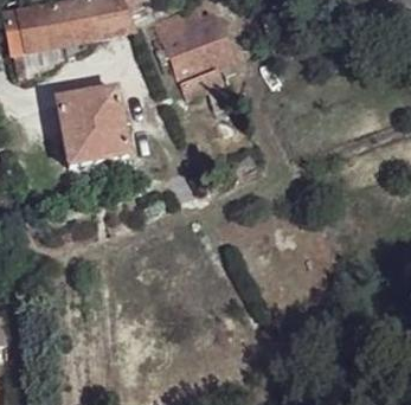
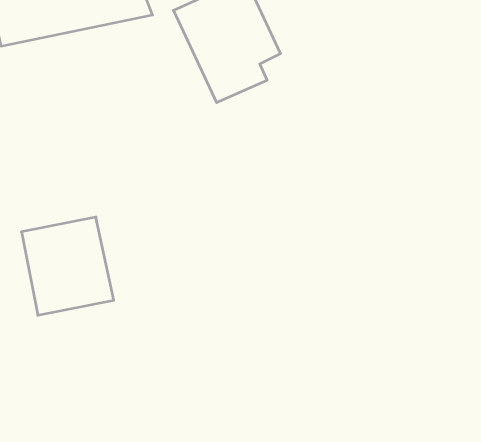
building: [57,88,130,166] -> [21,217,114,315]

